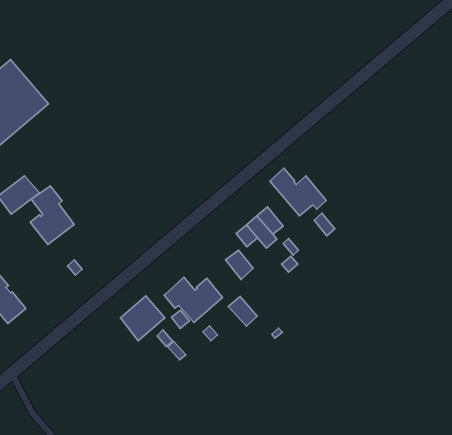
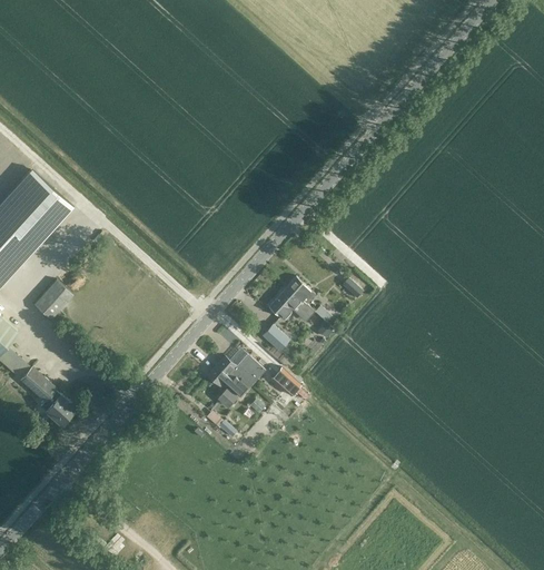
building: [270,168,326,216] -> none
building: [30,186,74,244] -> none
building: [120,296,165,341] -> none

